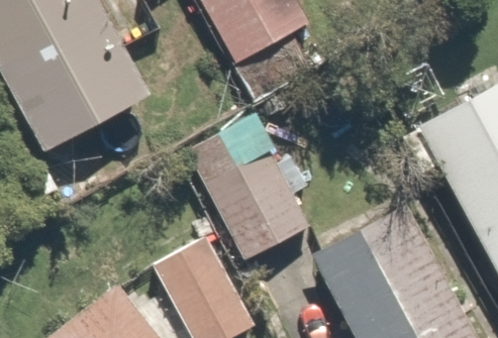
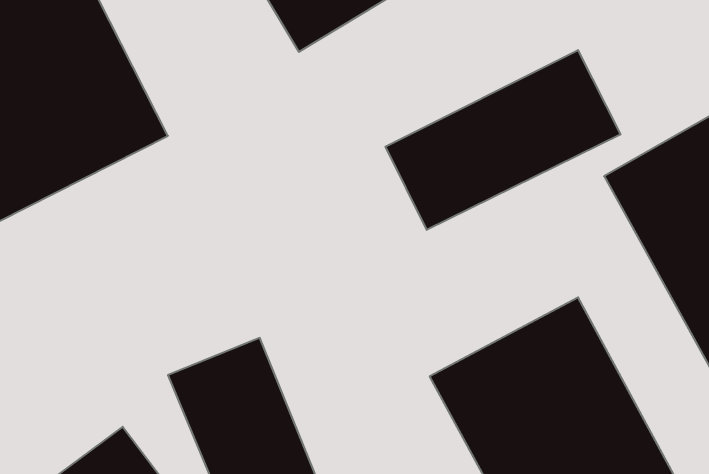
building: none -> [386,50,620,230]
building: [202,148,321,256] -> none

